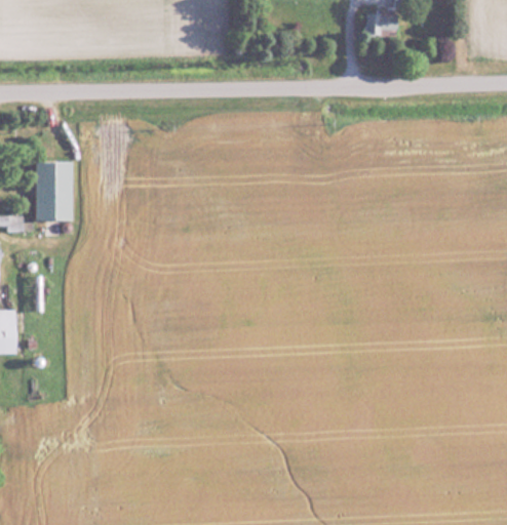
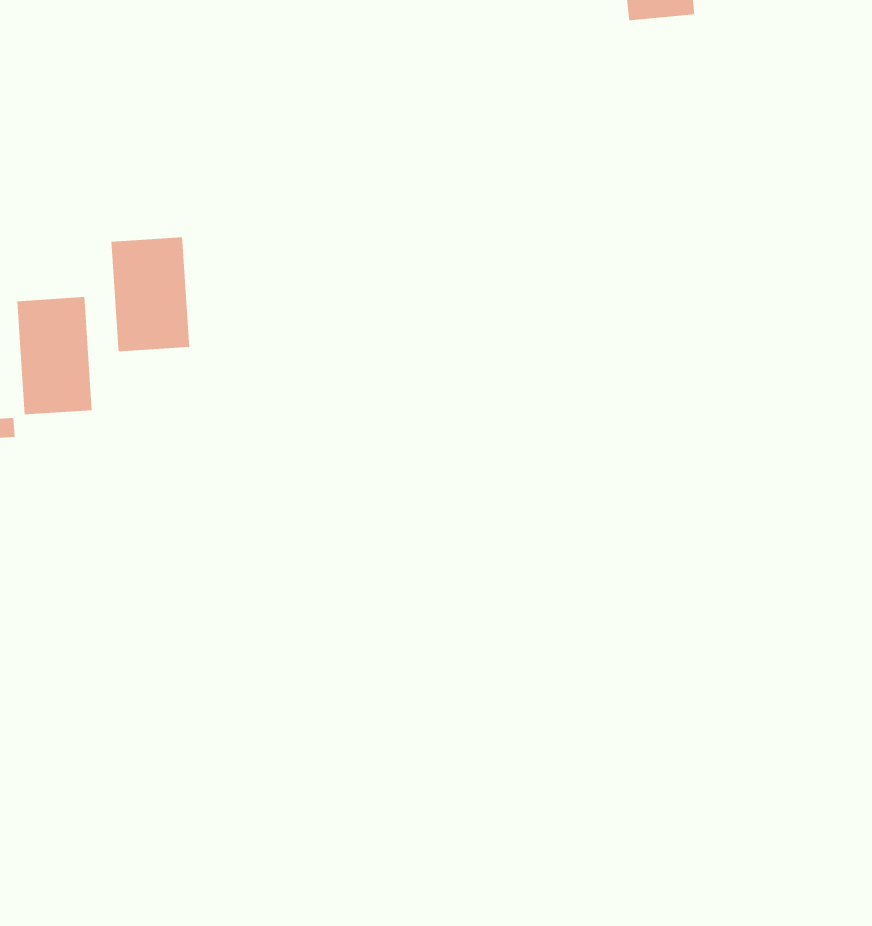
building: none -> [111,237,190,352]

